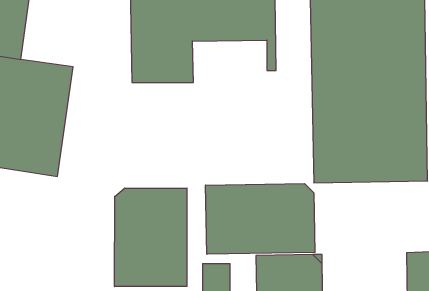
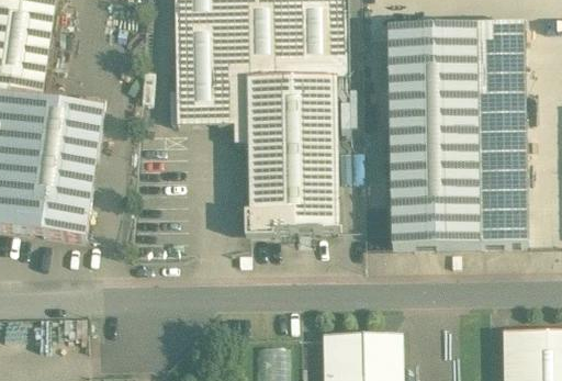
building: none -> [247,77,338,232]
building: [206,184,315,254] -> none
building: [115,188,187,287] -> none

